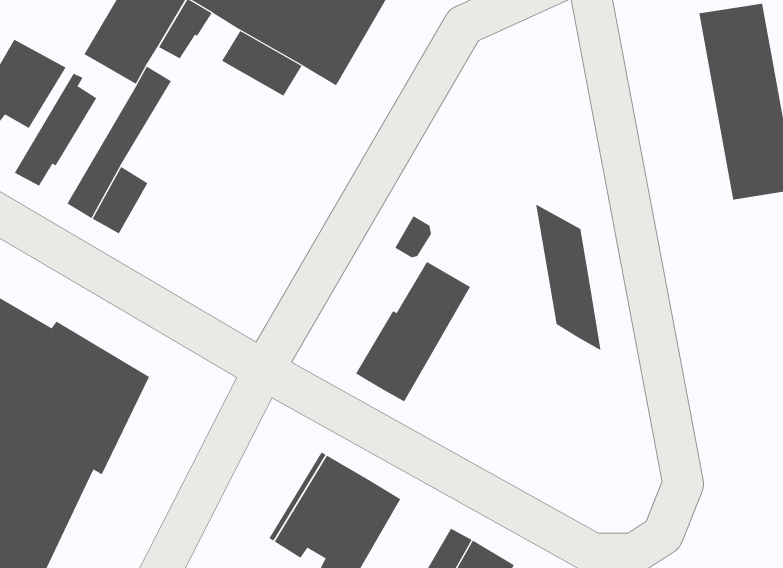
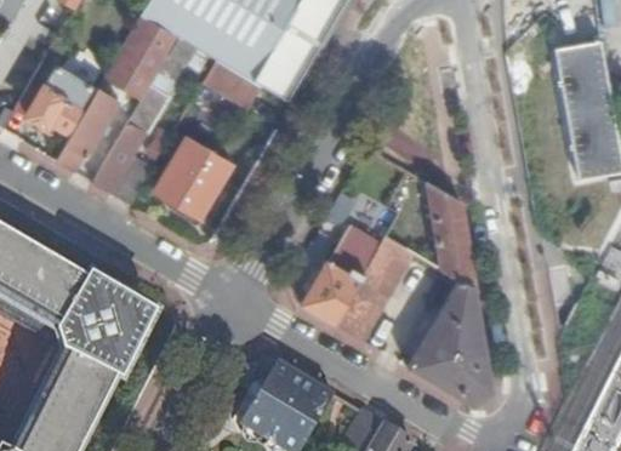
building: none -> [155,136,233,216]
building: none -> [335,235,415,341]
building: none -> [408,278,494,406]

